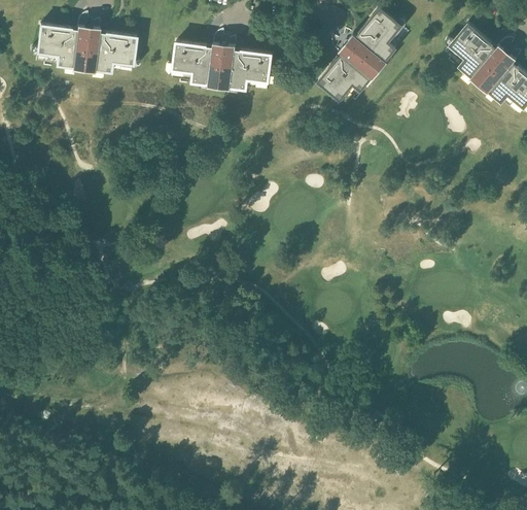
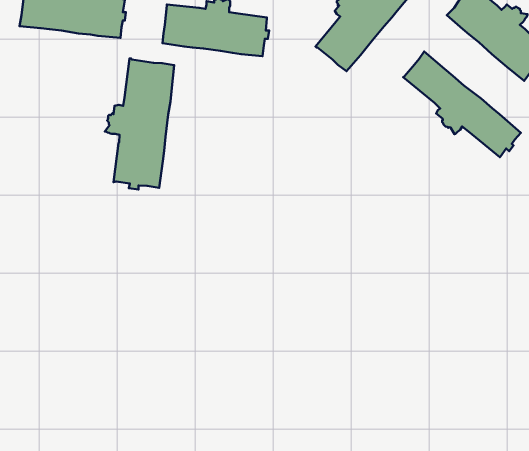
building: none -> [403,51,521,157]
building: none -> [105,59,174,189]

